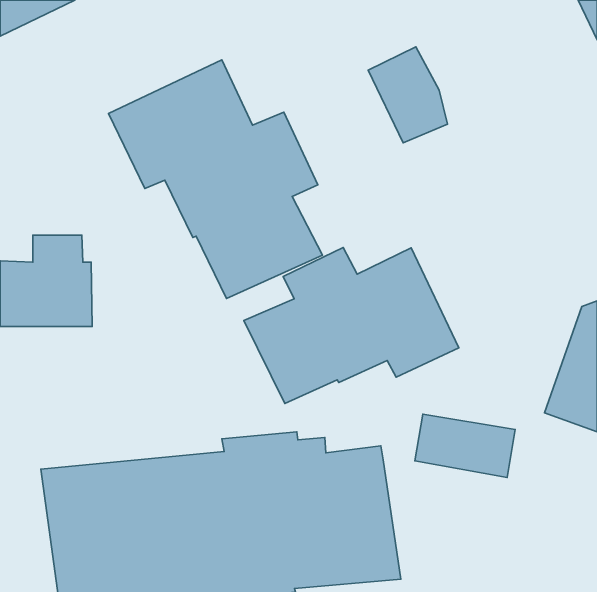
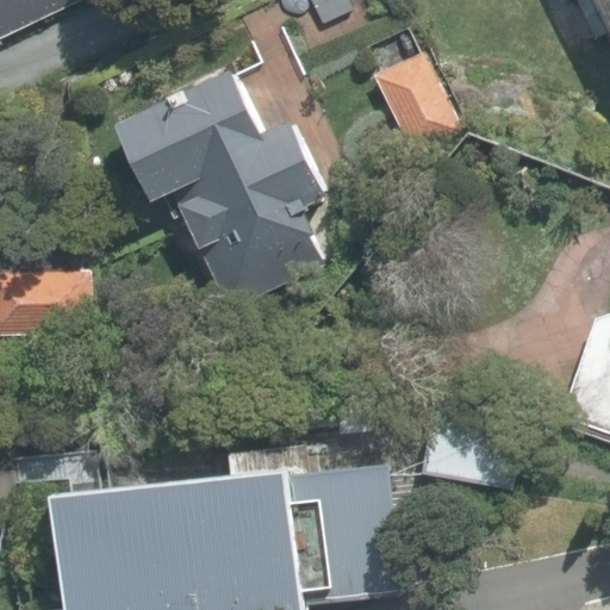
building: [244,248,459,404] -> none

